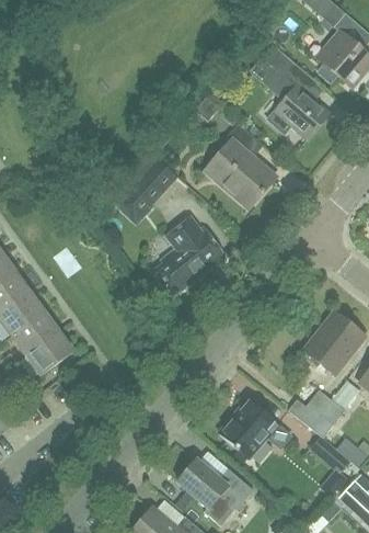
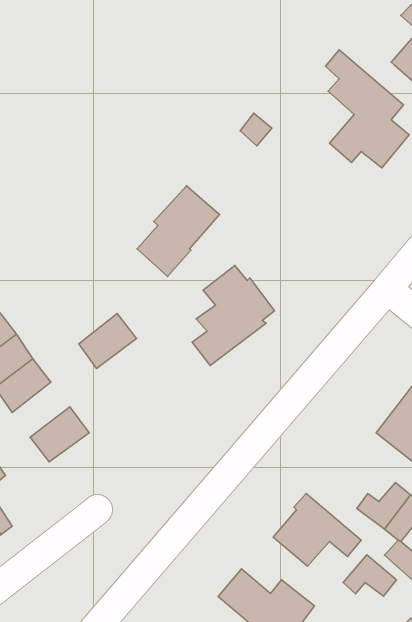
building: [206,109,275,205] -> none
building: [13,309,59,353] -> [79,314,136,369]
building: none -> [343,555,396,596]

